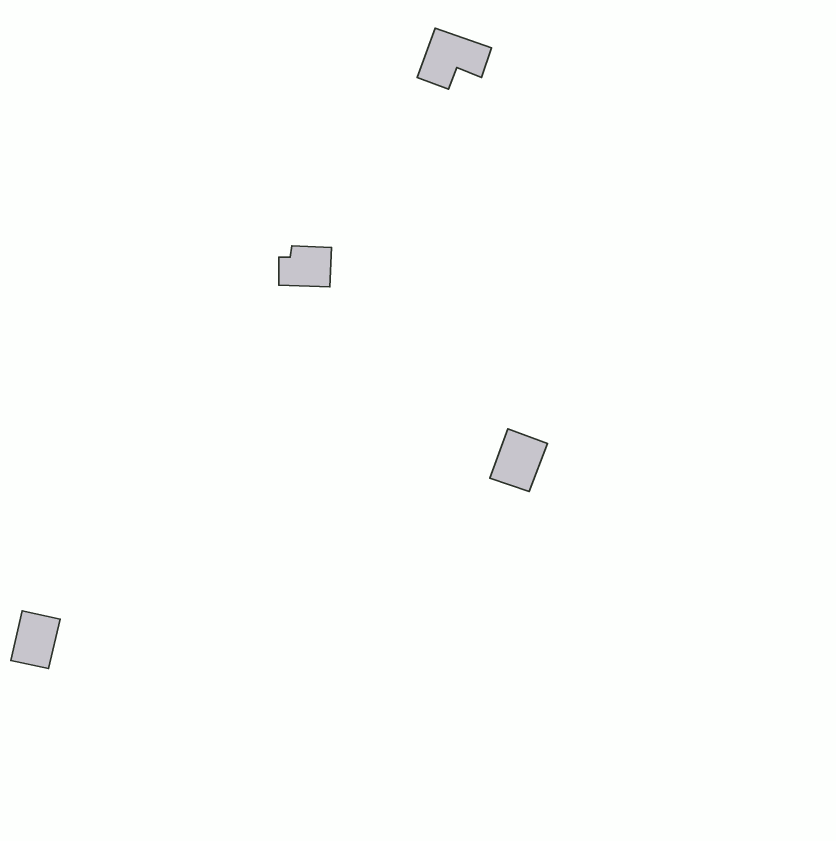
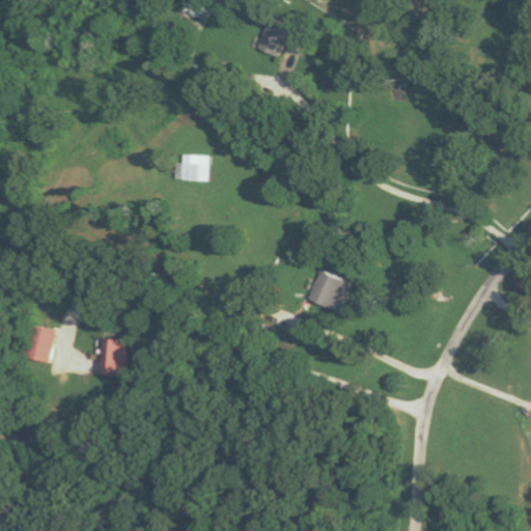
building: none -> [101,339,128,375]
building: [11,611,60,669] -> [23,326,54,362]

